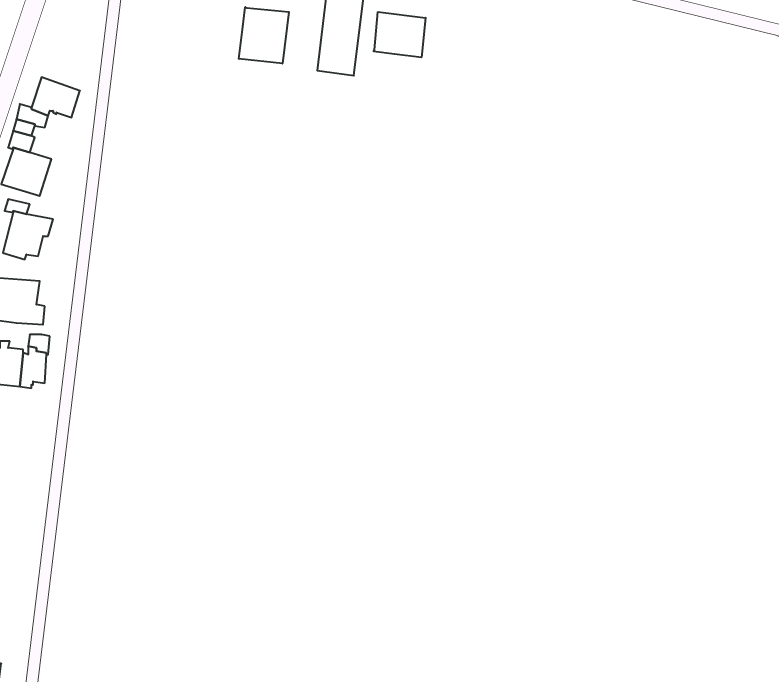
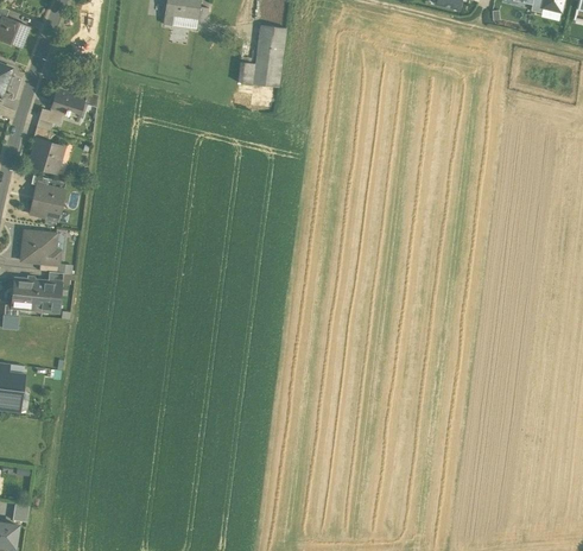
building: [239,7,289,64] -> none
building: [374,12,426,57] -> none

